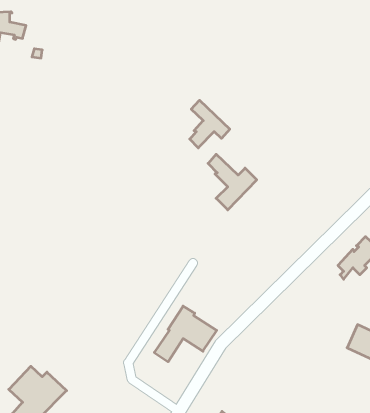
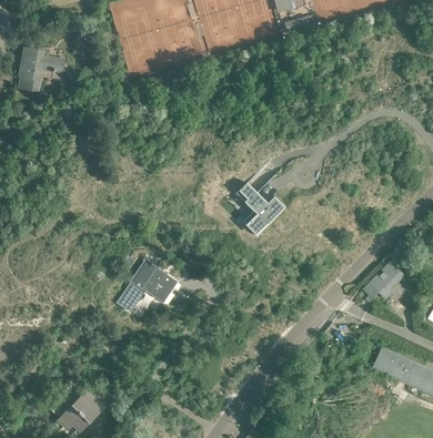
building: [190,100,230,148] -> none
building: [154,306,217,362] -> [117,257,177,310]

